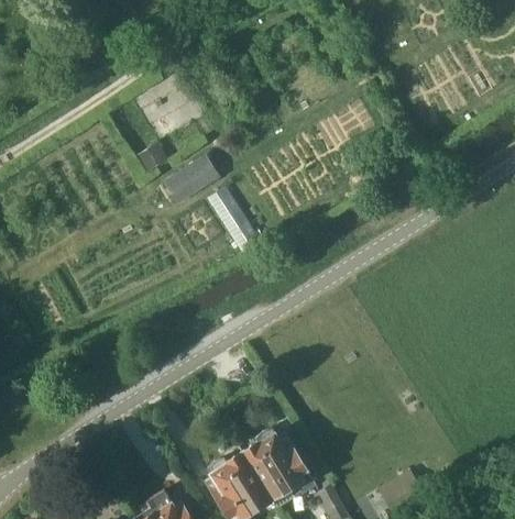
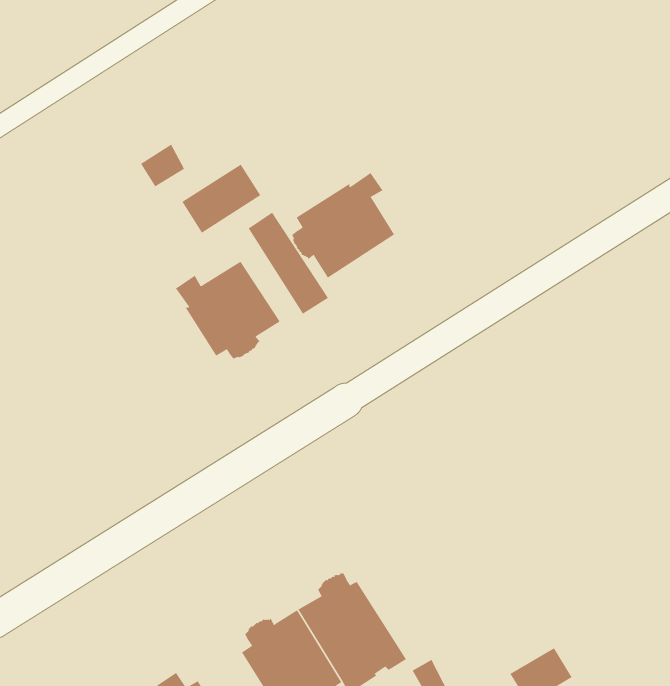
building: none -> [292,172,395,279]
building: none -> [175,261,281,359]

